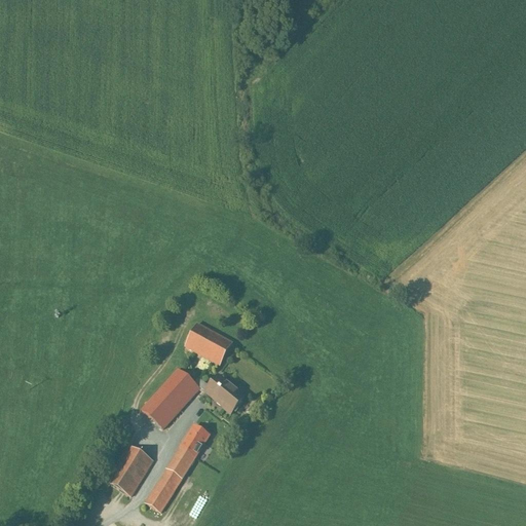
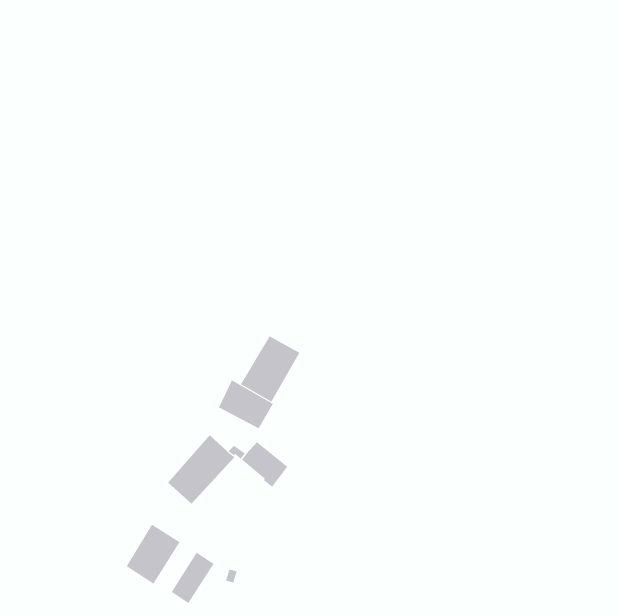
building: none -> [240,336,300,403]
building: [166,424,210,478] -> none

